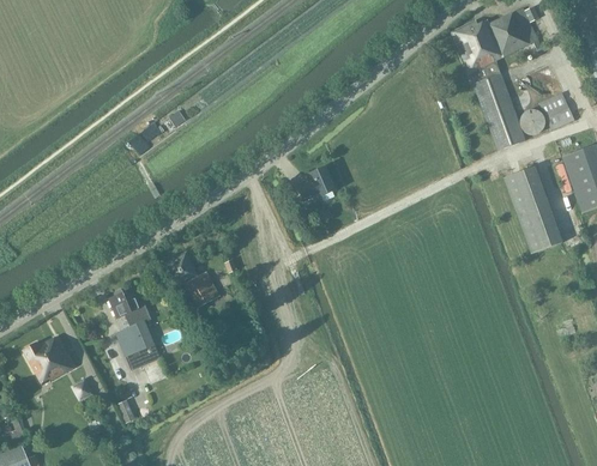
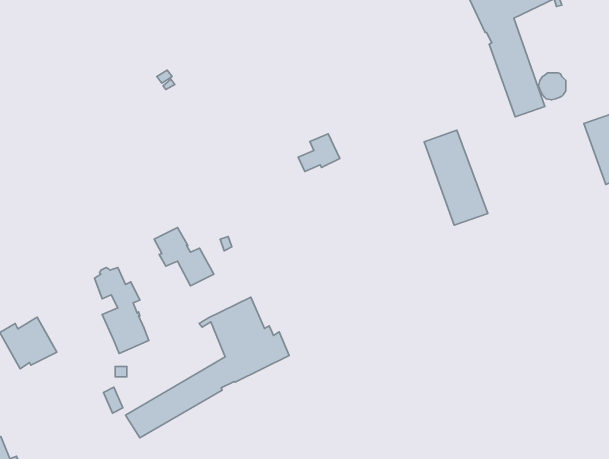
building: [539,92,574,129] -> none
building: [503,165,562,253] -> [424,130,488,225]
building: none -> [125,297,289,438]

